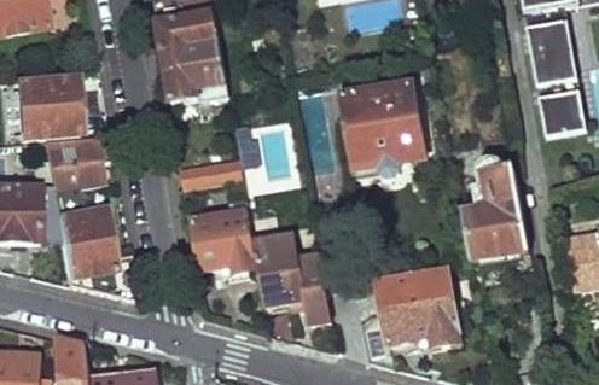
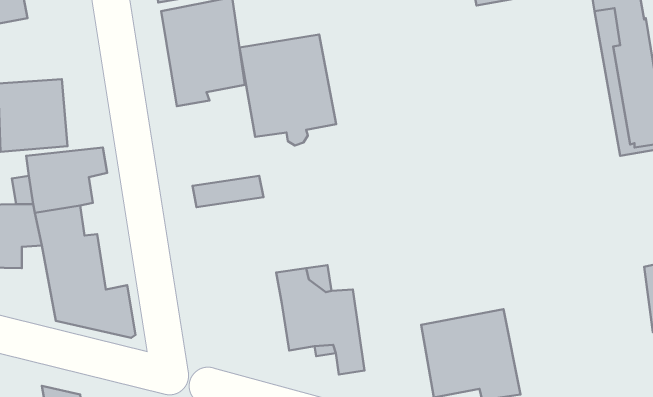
building: [345,86,428,180] -> [240,35,336,145]
building: [464,162,527,262] -> none
building: [193,209,258,272] -> none

